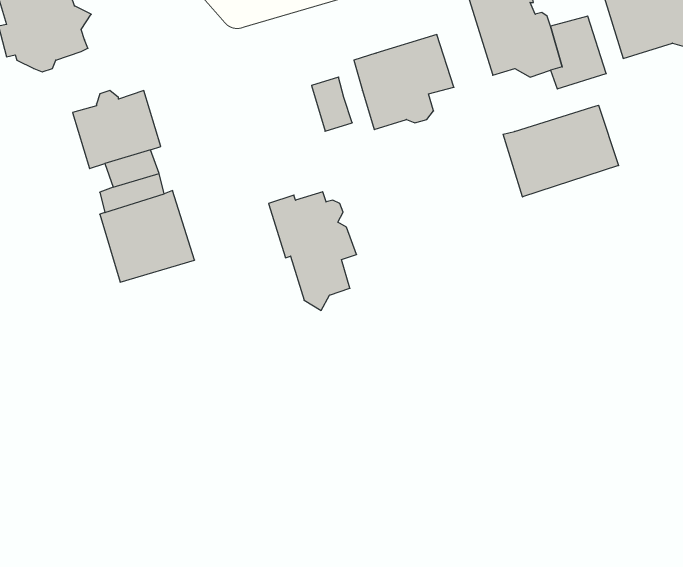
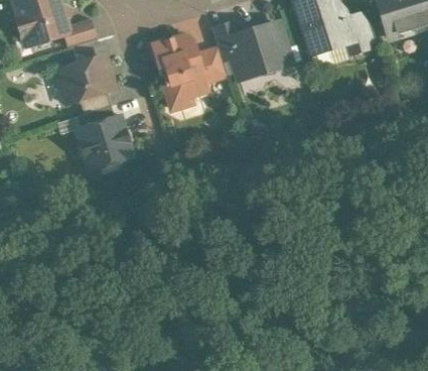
building: none -> [64,18,96,46]
building: none -> [211,21,240,59]
building: [503,105,619,197] -> none
building: [269,192,357,310] -> [149,35,201,106]

